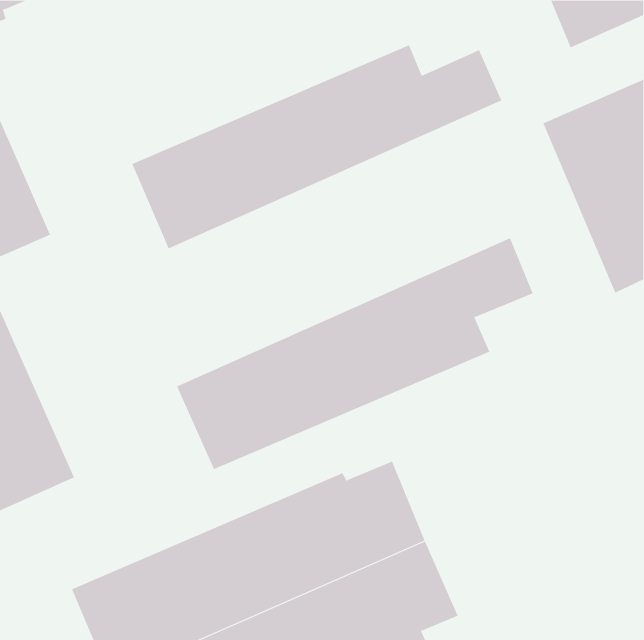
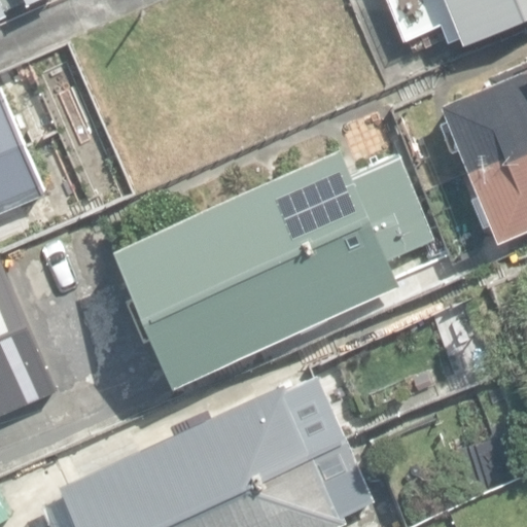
building: [131,45,502,249] -> [113,154,414,320]

